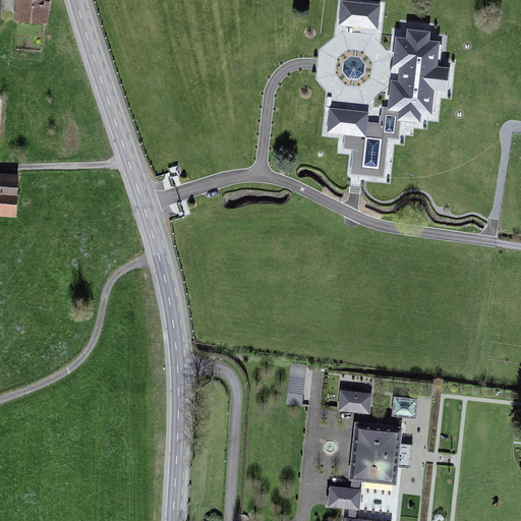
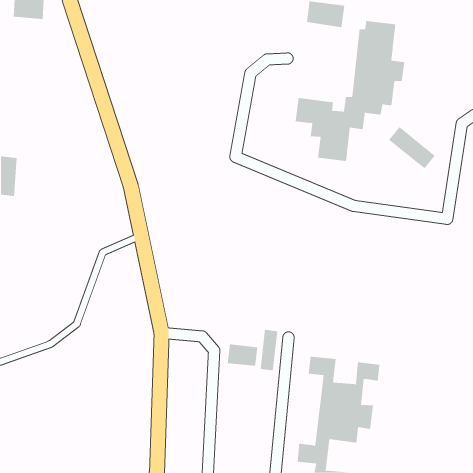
building: none -> [388,126,436,169]
building: none -> [227,343,258,366]

